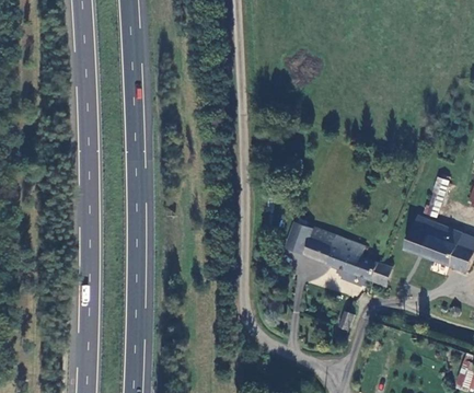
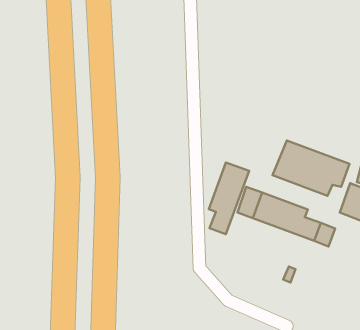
building: none -> [273,141,350,196]
building: none -> [209,162,249,234]

